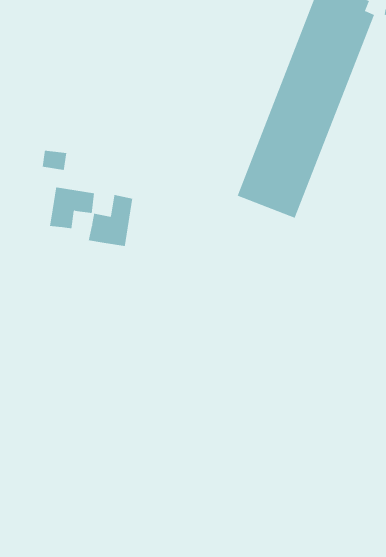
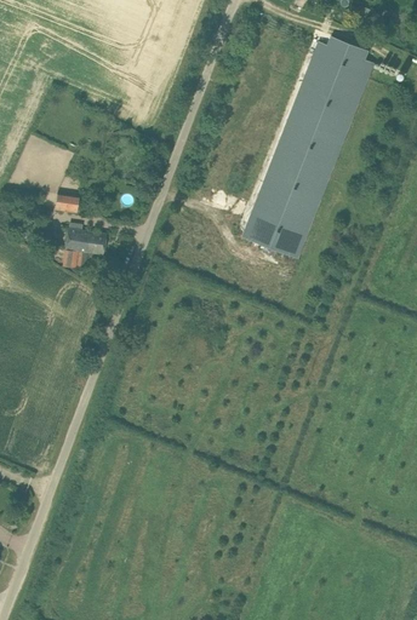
building: [88,194,133,247] -> none

